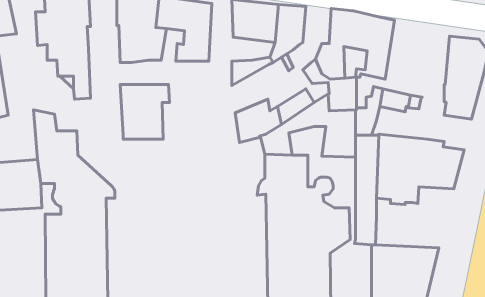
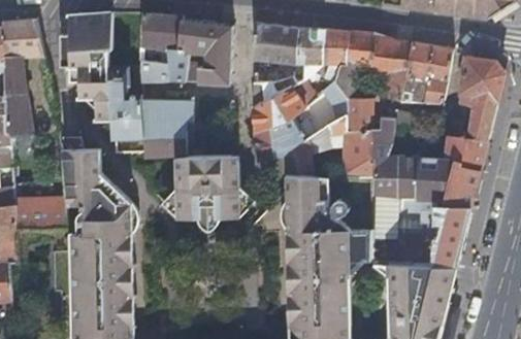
building: none -> [319,30,350,81]
building: none -> [402,43,452,104]
building: none -> [112,70,146,156]
building: none -> [253,87,302,134]
building: none -> [444,122,487,170]
building: none -> [162,156,255,230]
building: none -> [393,206,469,266]

